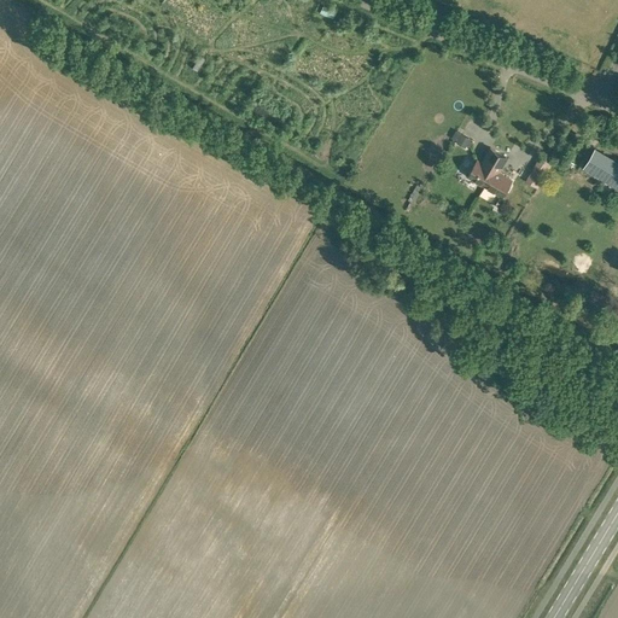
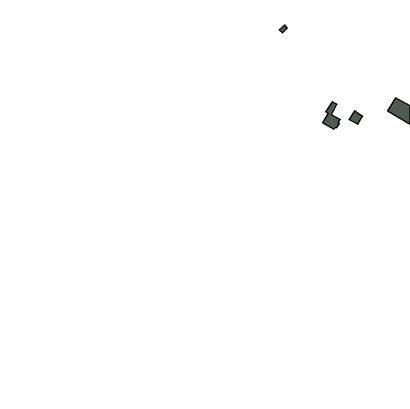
building: [468,148,500,186] -> none

